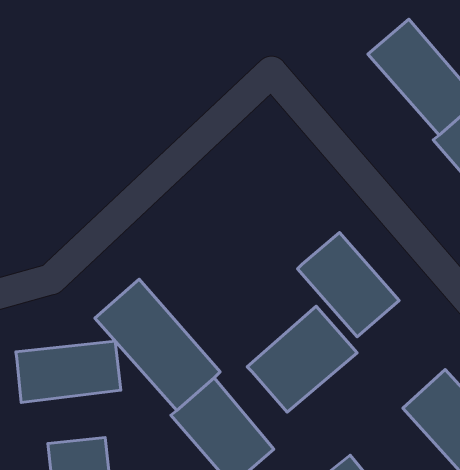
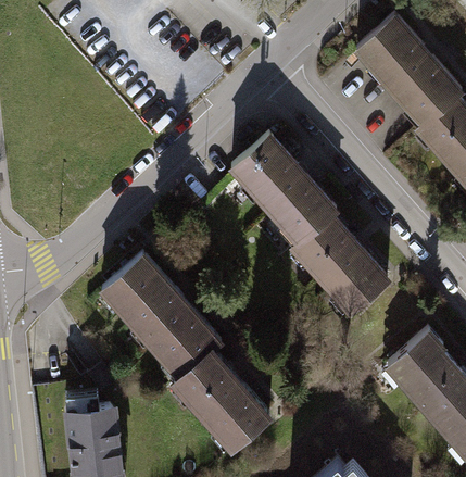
building: none -> [235,139,337,246]
building: [247,306,357,412] -> none
building: [16,341,121,402] -> none

